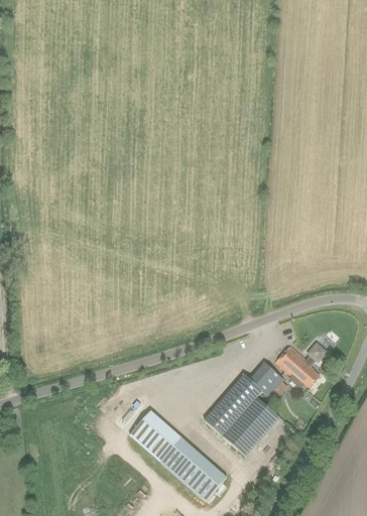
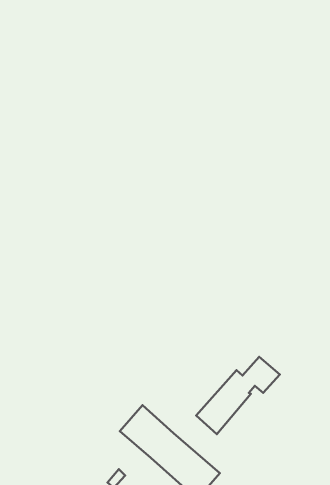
building: [275,344,325,387] -> none
building: [224,398,278,456] -> none

